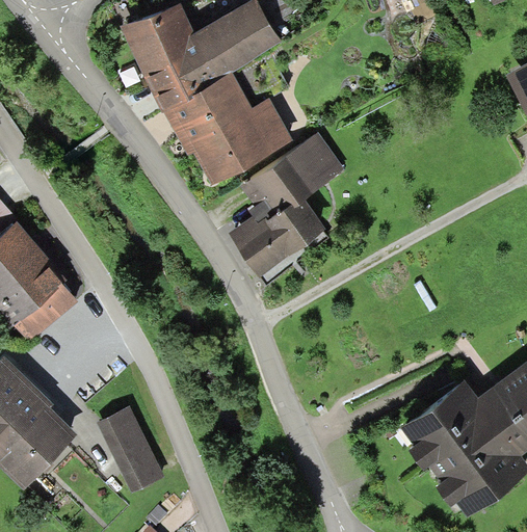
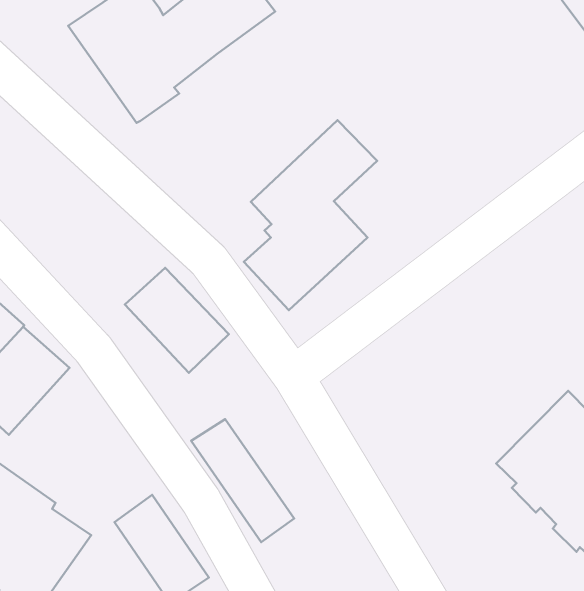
building: [165,72,293,187] -> none
building: none -> [125,268,229,373]
building: none -> [191,419,294,542]

